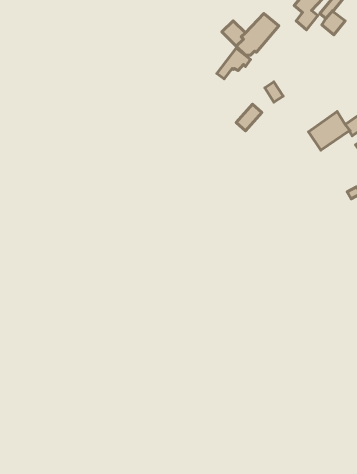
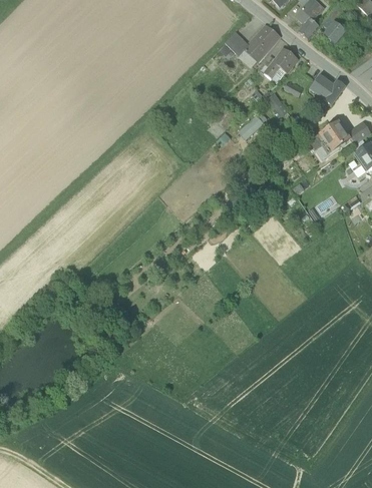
building: [217,48,251,79] -> [264,47,297,77]
building: none -> [312,76,345,102]

